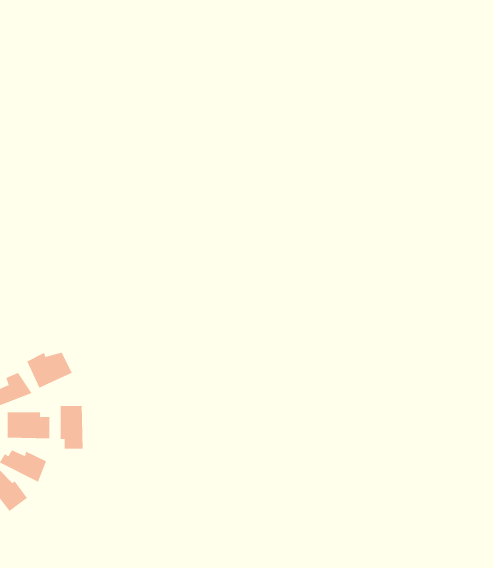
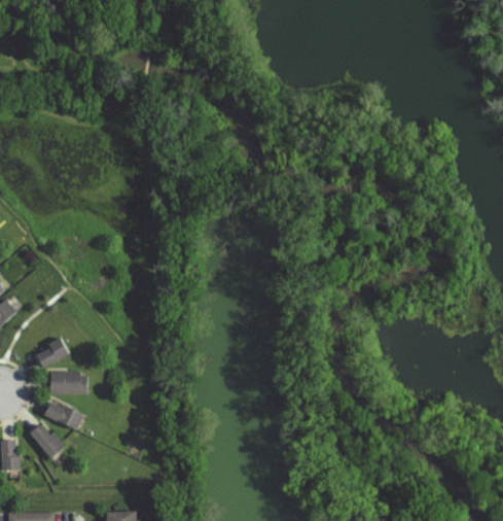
building: [26,352,73,388] -> none
building: [60,405,83,449] -> none

